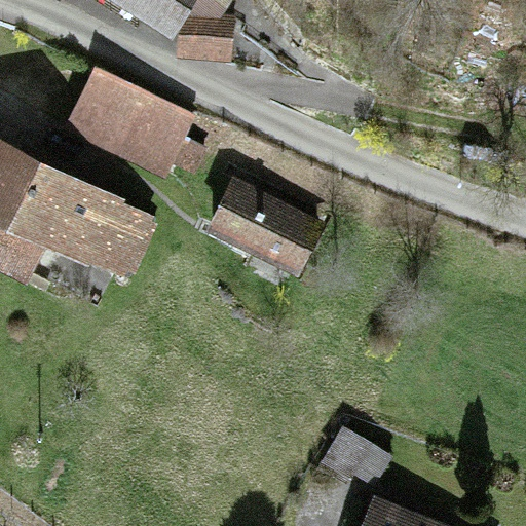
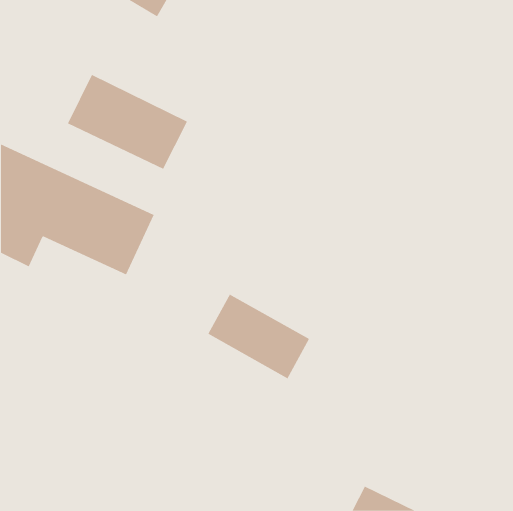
building: [206,178,311,265] -> [207,294,310,379]

